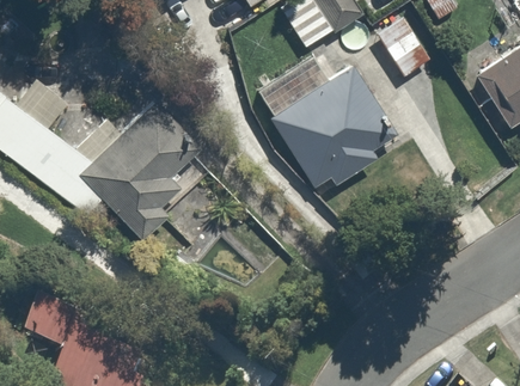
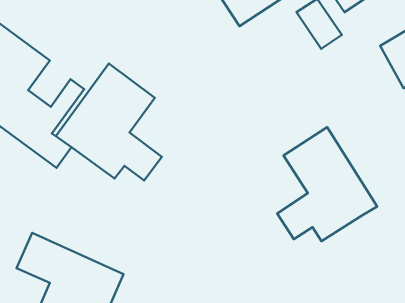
building: [257,41,396,185] -> none
building: none -> [277,127,377,241]

